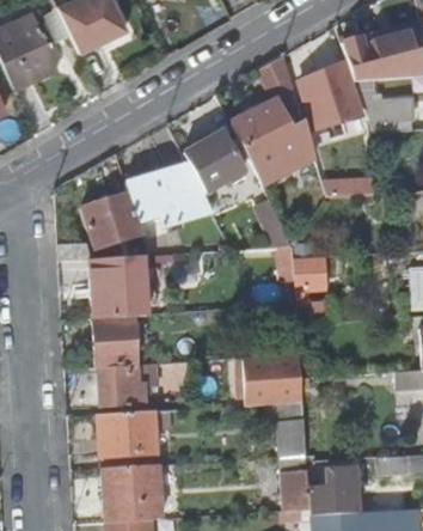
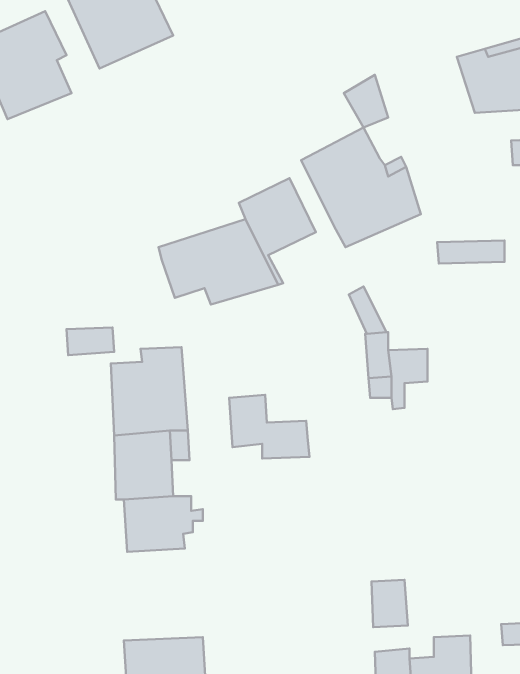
building: [299,61,366,142] -> none
building: [86,190,140,244] -> none
building: [244,358,302,404] -> [229,395,310,459]
building: [96,411,152,457] -> none

